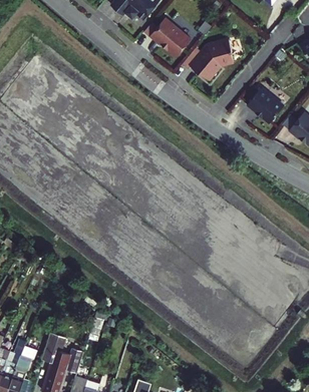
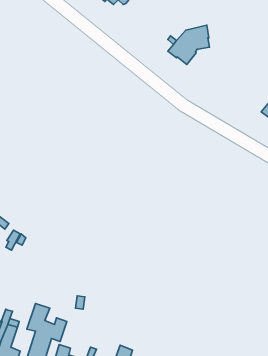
building: [149,18,191,57] -> none
building: [247,88,283,123] -> none

